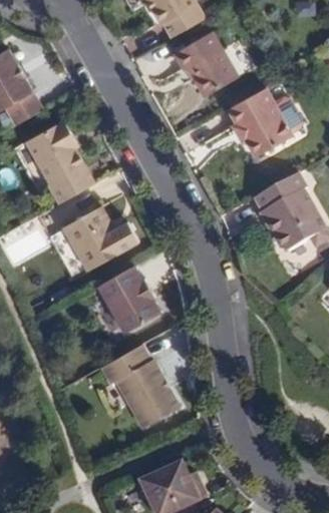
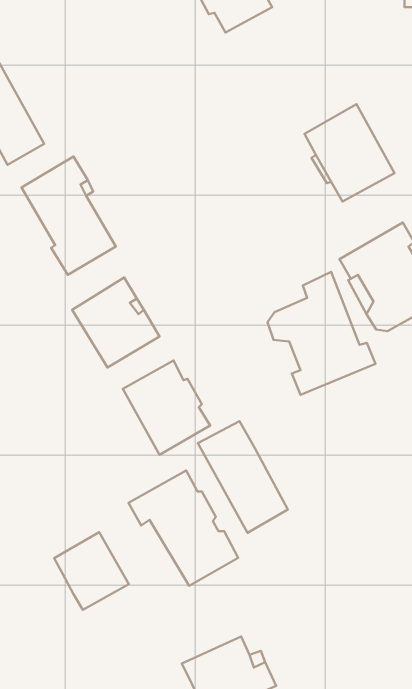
building: [175,30,237,93] -> none
building: none -> [268,272,375,395]
building: none -> [198,421,288,533]
building: none -> [54,532,129,610]

